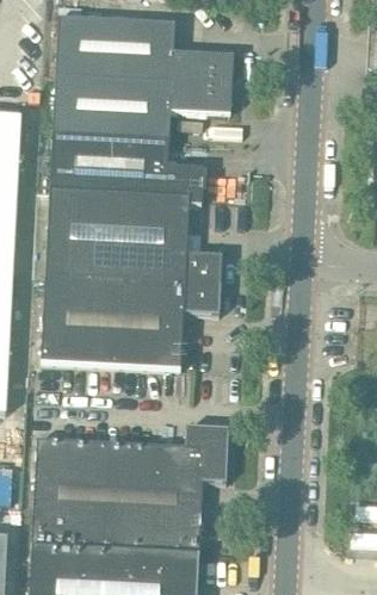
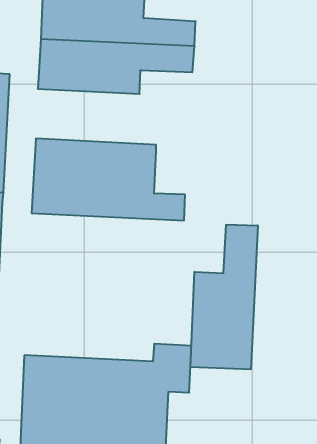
building: [49,132,202,204] -> none
building: [39,275,220,368] -> none
building: none -> [190,225,258,369]

